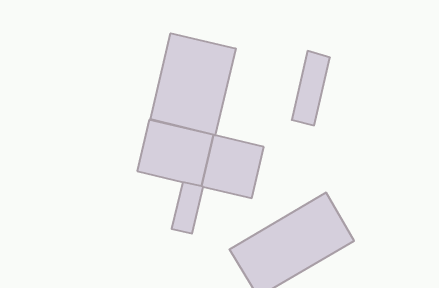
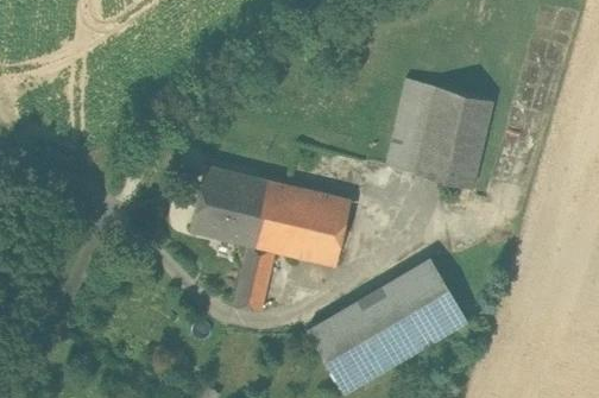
building: [151,33,236,135] -> none
building: none -> [416,87,494,189]

